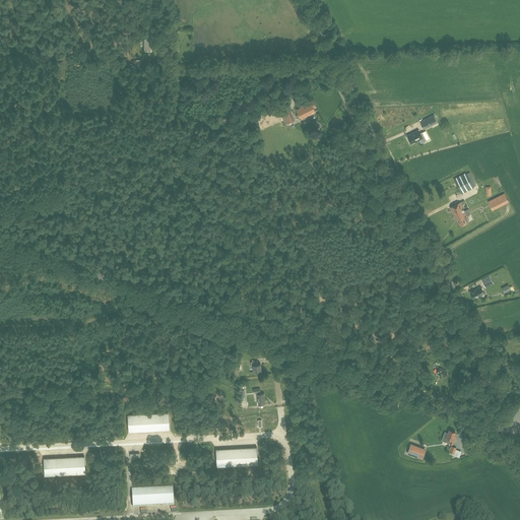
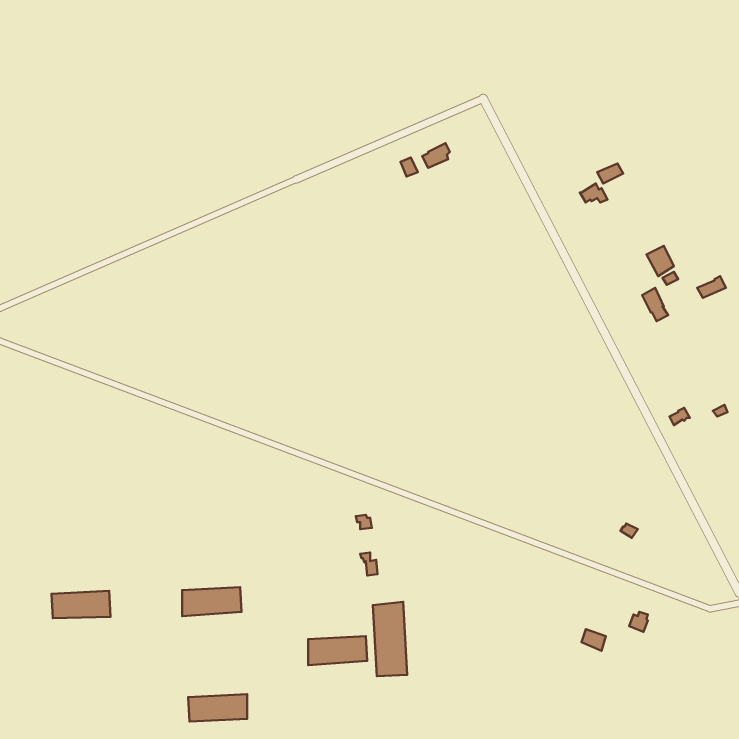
building: none -> [373,602,407,676]
building: [44,456,85,475] -> [51,591,111,618]

